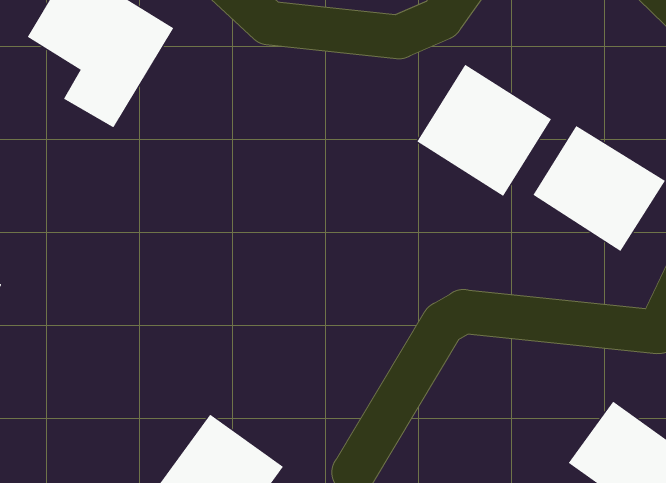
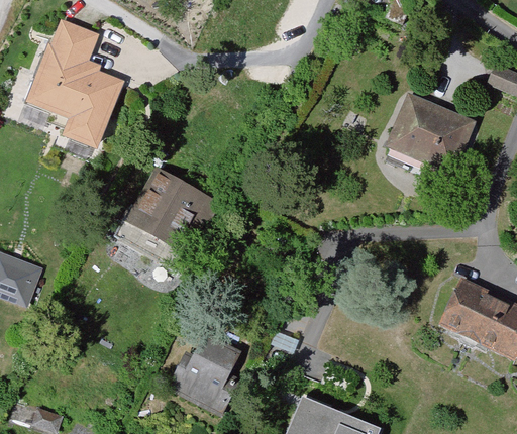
building: [417,64,552,197] -> none
building: none -> [112,165,222,277]

